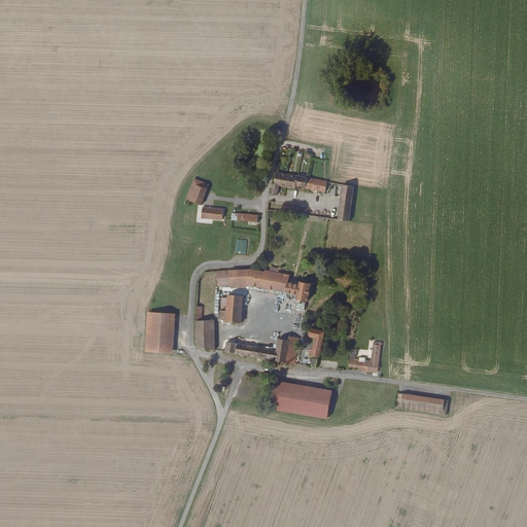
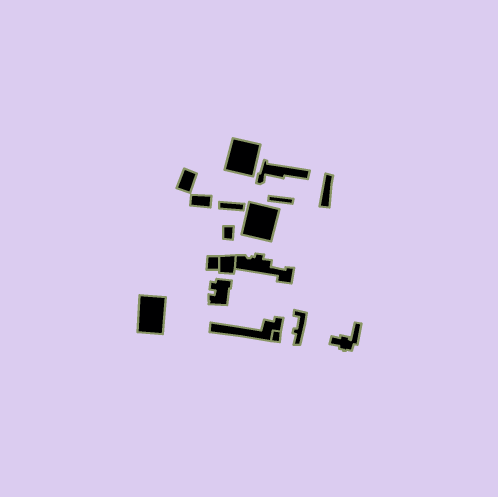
building: none -> [225,138,260,176]
building: none -> [242,202,280,241]
building: [196,307,214,349] -> none
building: [269,380,332,418] -> none
building: [396,393,450,416] -> none

